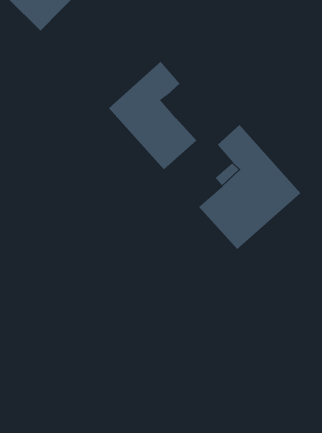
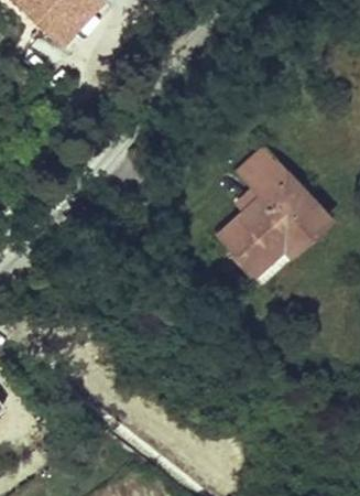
building: [108,61,197,170] -> none

